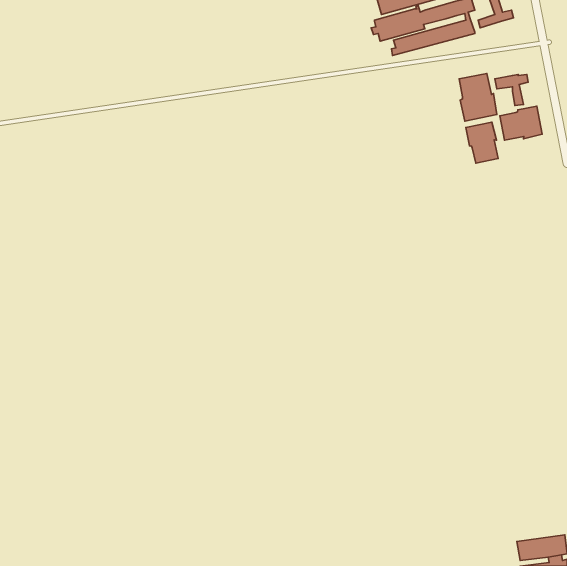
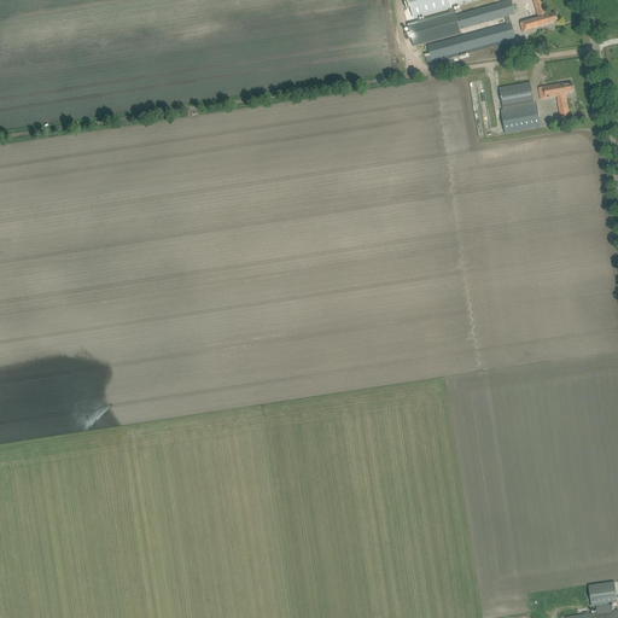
building: [500,106,542,140] -> none
building: [466,122,498,163] -> none

